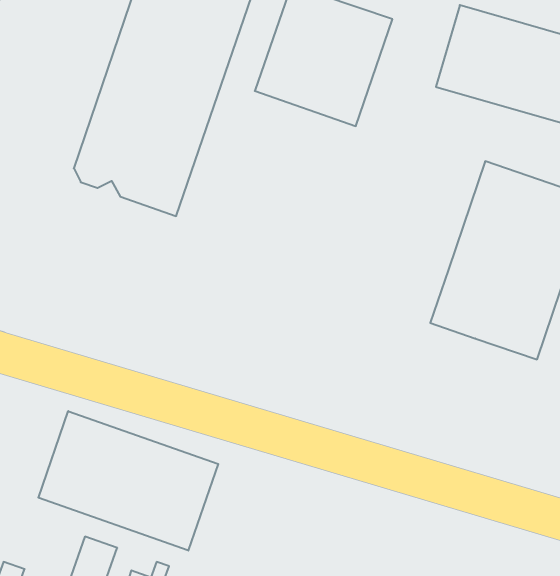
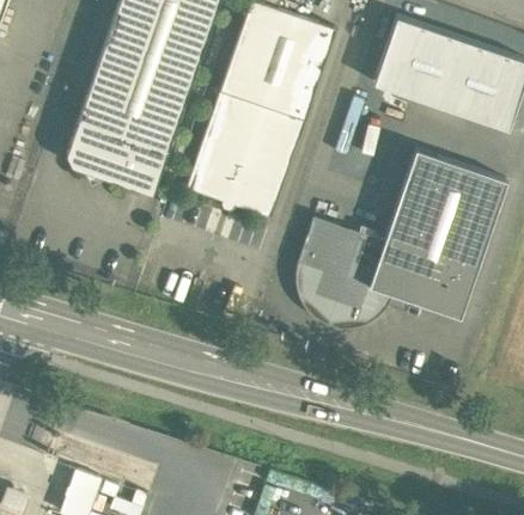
building: none -> [185,90,305,219]
building: none -> [295,216,407,327]
building: [38,411,218,551] -> none

